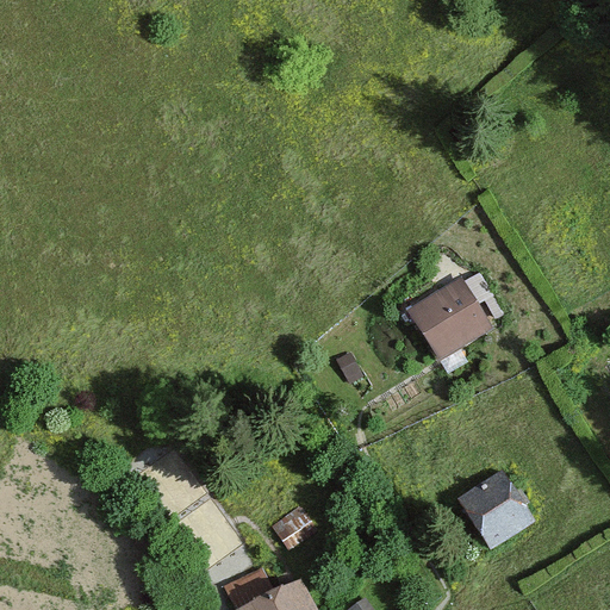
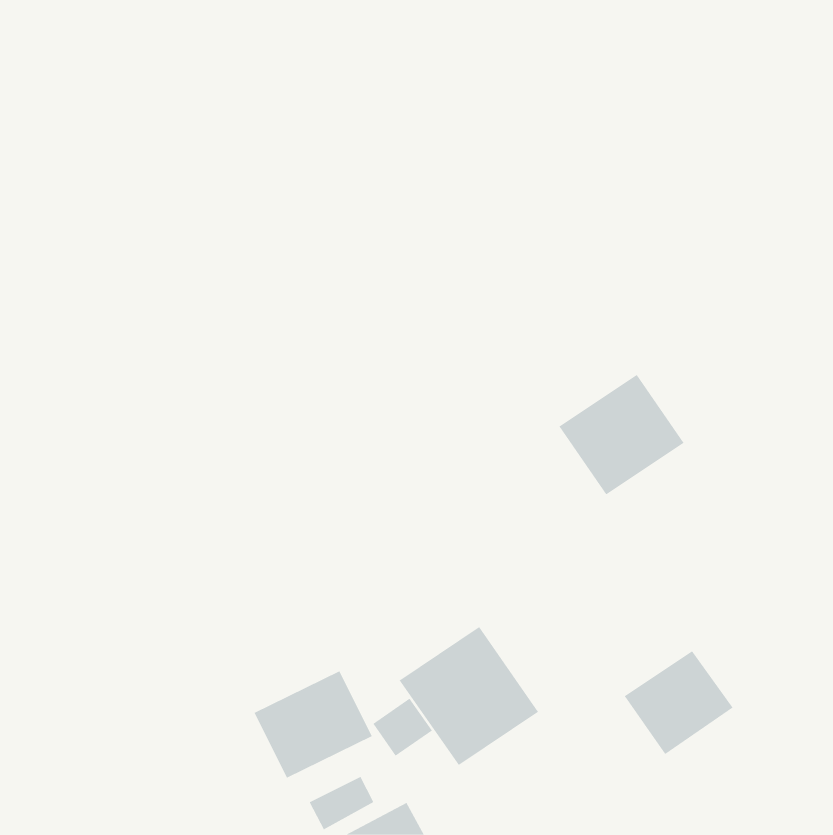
building: none -> [399,626,539,766]
building: none -> [254,671,373,778]

